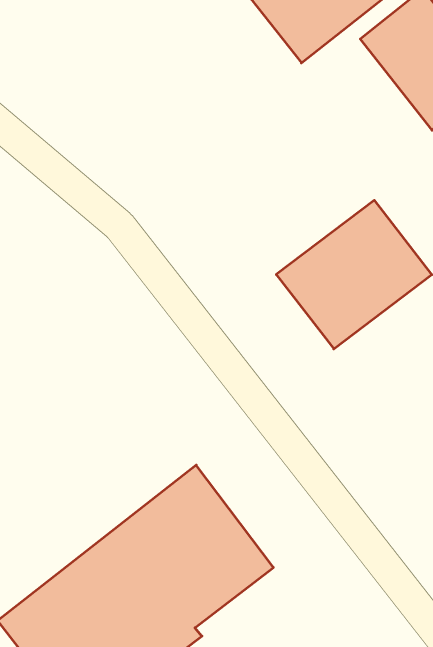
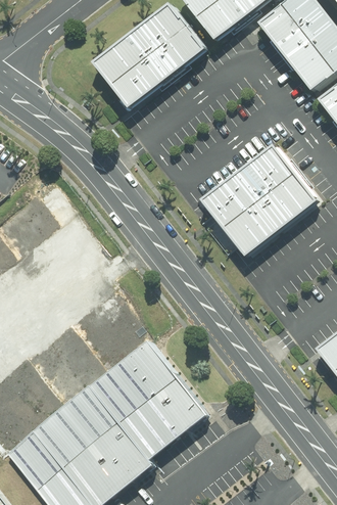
building: none -> [99,8,213,114]

